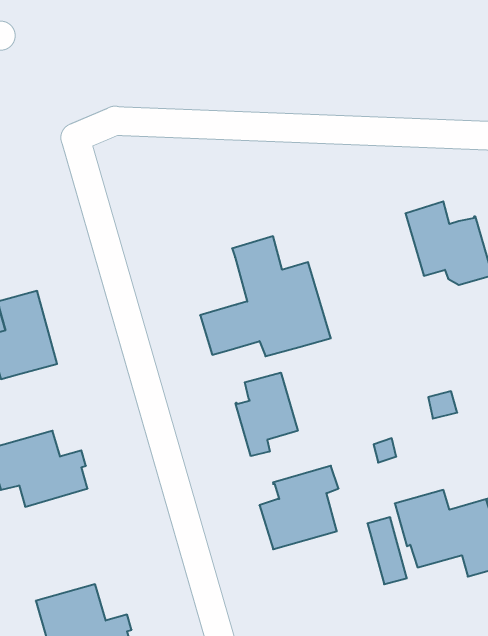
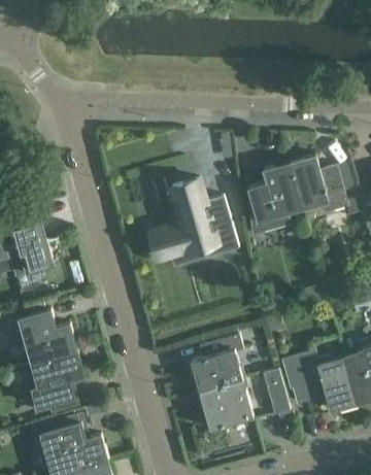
building: none -> [249,164,303,237]
building: [236,373,298,456] -> none
building: none -> [23,350,85,413]
building: none -> [200,379,254,430]

